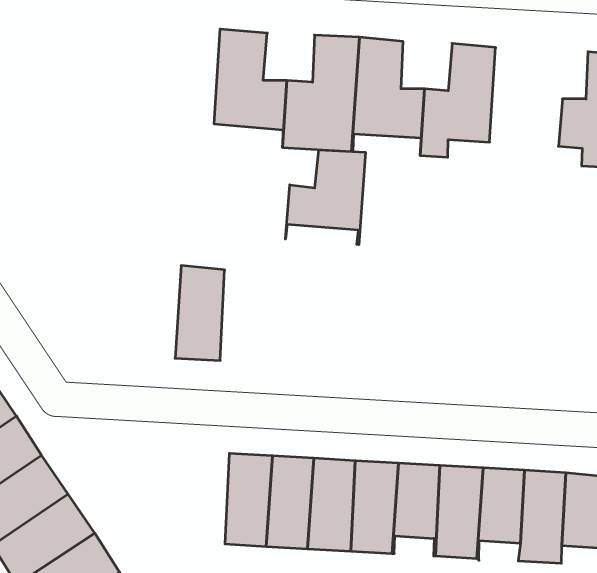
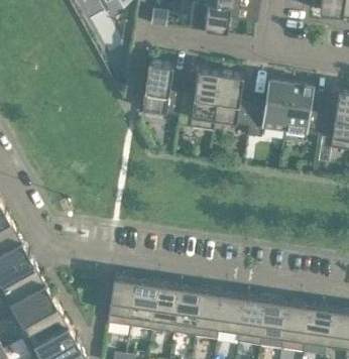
building: none -> [282,83,322,136]
building: [285,150,365,245] -> none
building: [175,266,225,360] -> [106,276,135,327]

